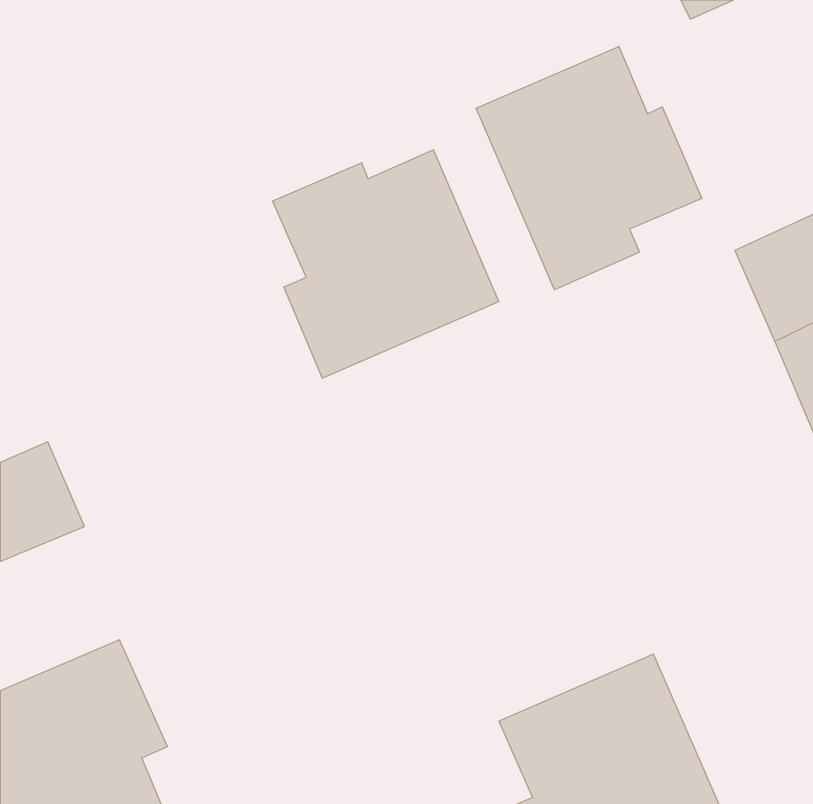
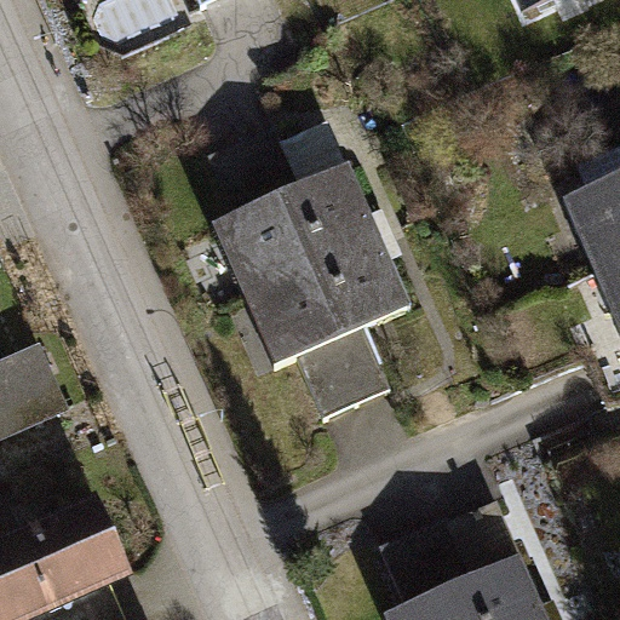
building: [476,46,702,290] -> none
building: none -> [246,237,411,424]

